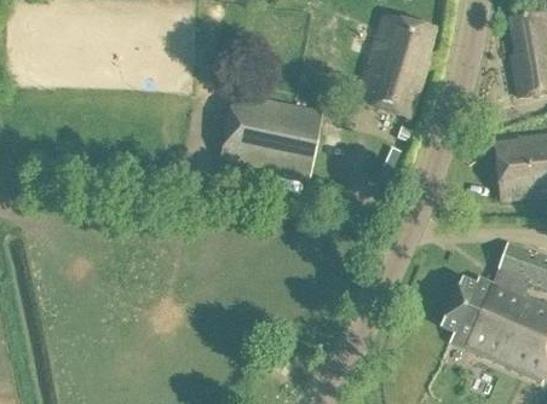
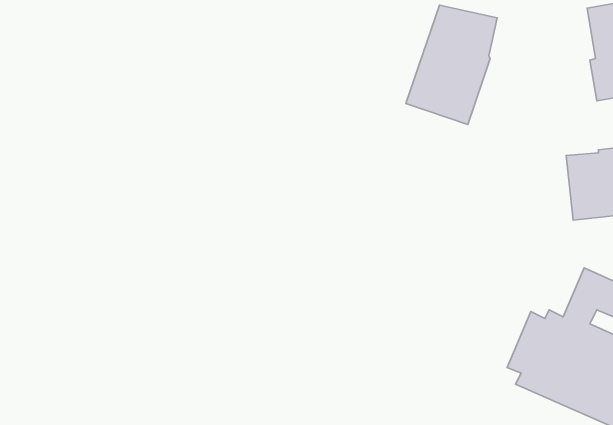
building: [220,92,324,175] -> none

